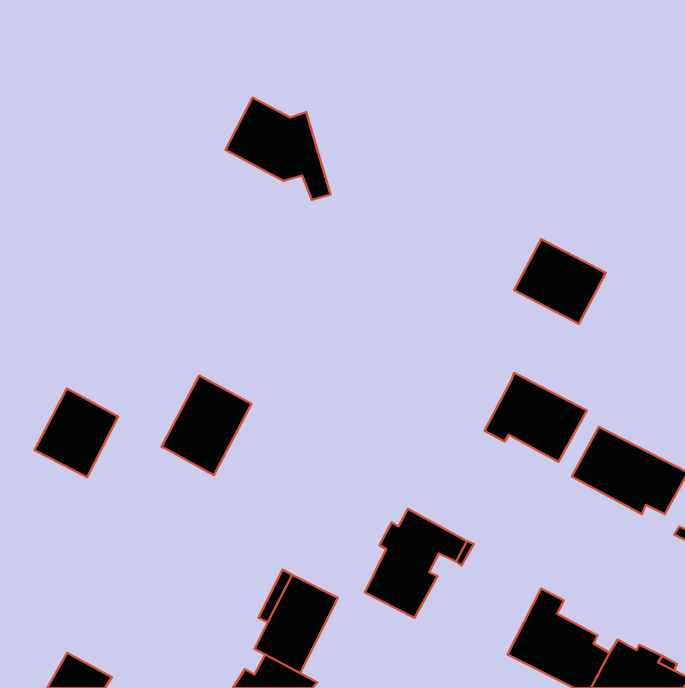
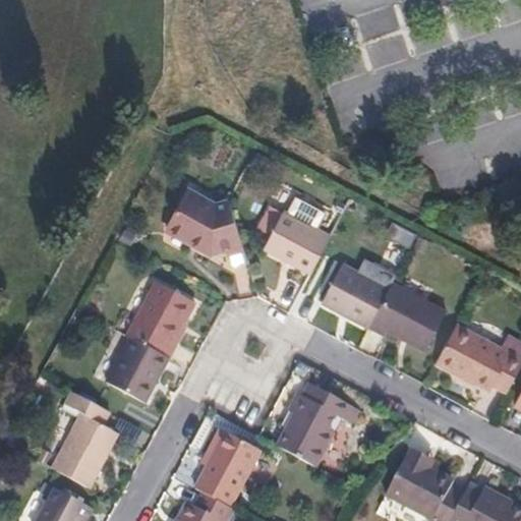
building: [226,97,331,200] -> [168,192,247,270]
building: [514,239,606,324] -> [320,262,389,326]
building: none -> [262,210,328,272]
building: [35,388,118,477] -> [103,339,166,406]
building: none -> [52,401,116,491]

